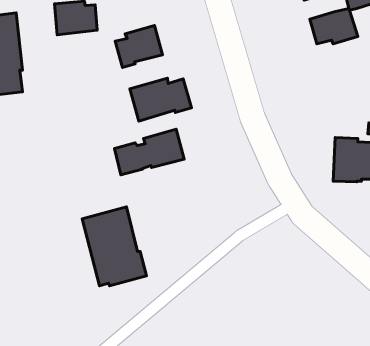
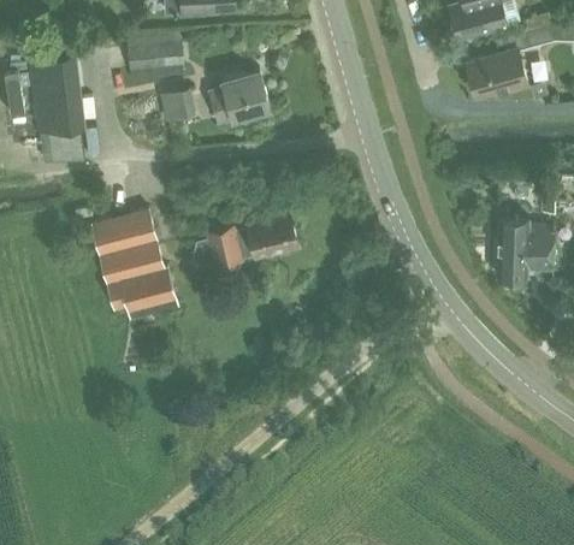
building: none -> [172,89,203,119]
building: [130,78,192,121] -> none
building: [82,207,147,286] -> [89,208,174,313]

